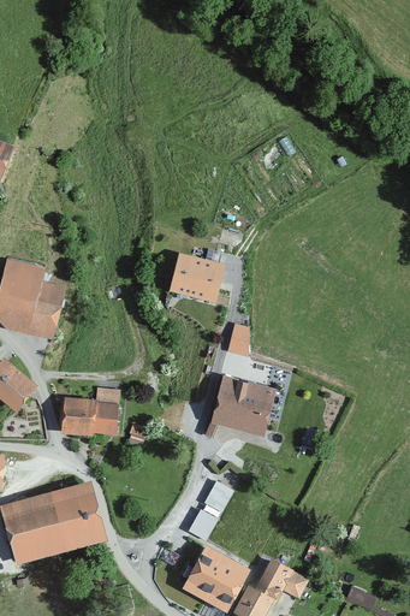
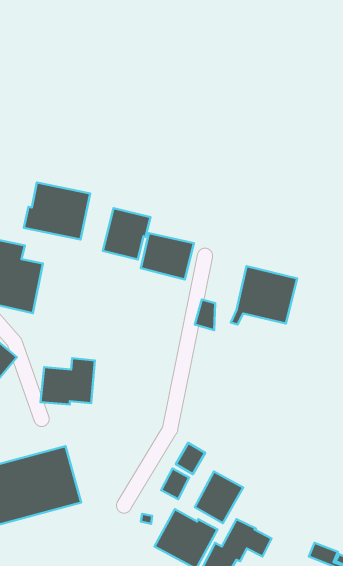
building: none -> [24,182,90,240]
building: none -> [103,208,150,259]
building: [204,375,275,438] -> [231,266,297,325]
building: none -> [195,472,243,523]

